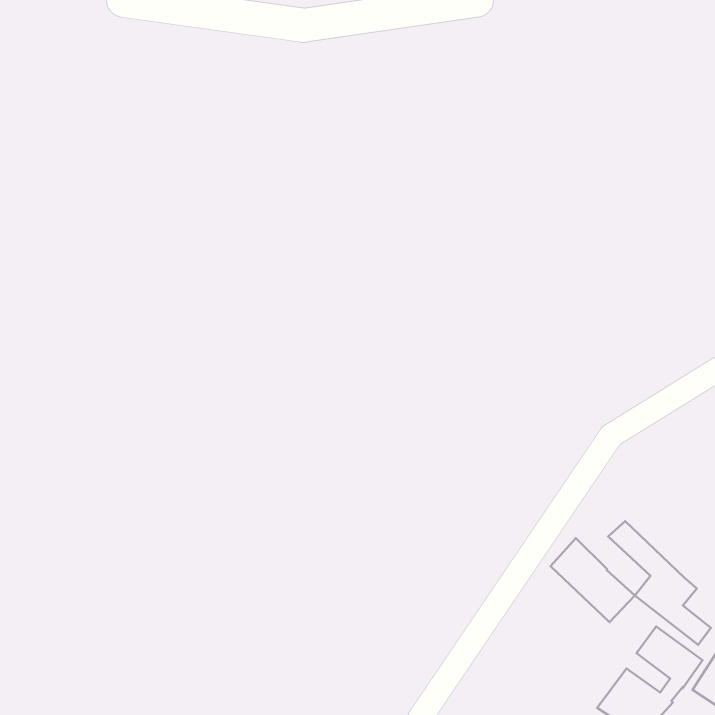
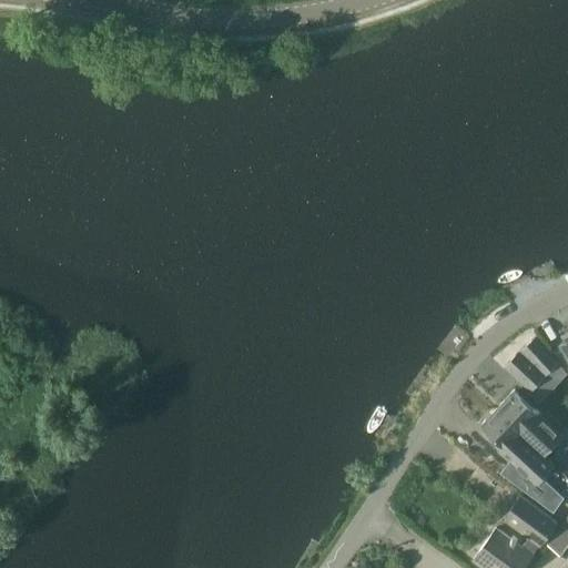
building: none -> [507,338,559,390]
building: [551,538,635,622] -> [496,392,562,458]

